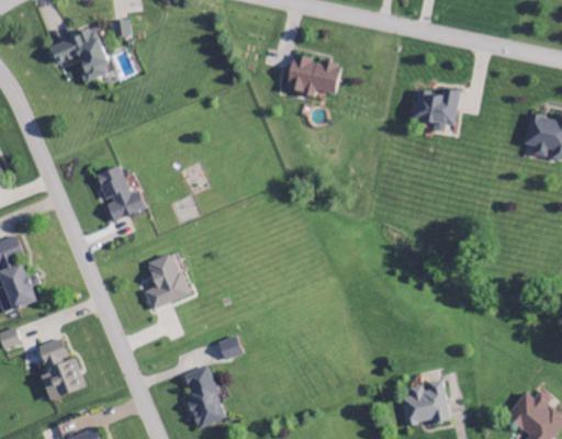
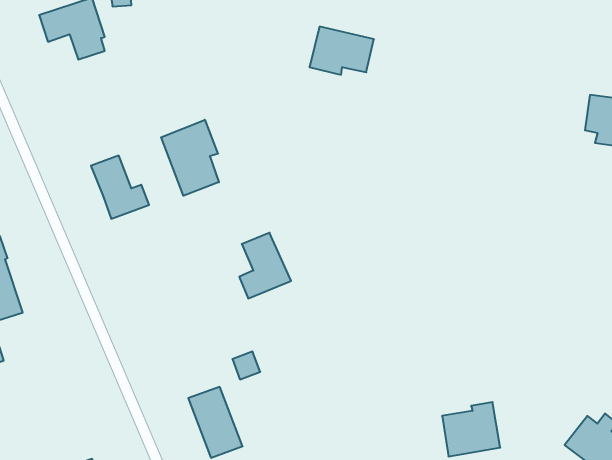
building: [413,87,459,131] -> none
building: none -> [161,120,219,196]
building: [145,252,190,309] -> [239,233,291,298]
building: [37,337,86,399] -> none

